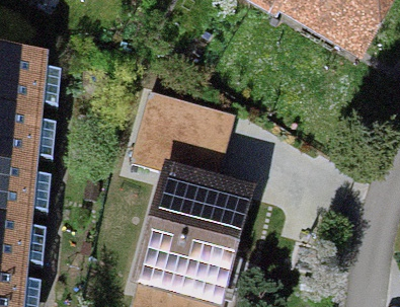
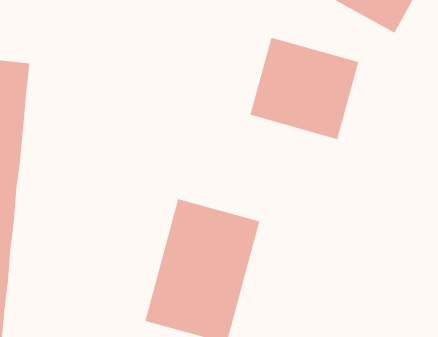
building: [134,97,228,185] -> [249,37,359,140]

